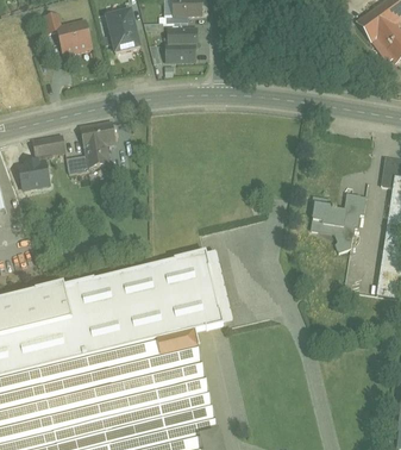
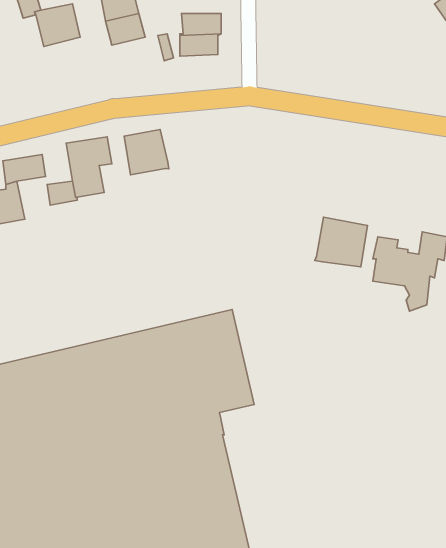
building: none -> [124,129,169,175]
building: none -> [315,217,368,267]

